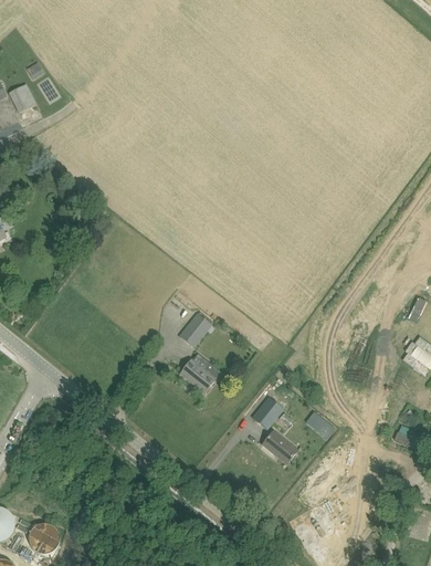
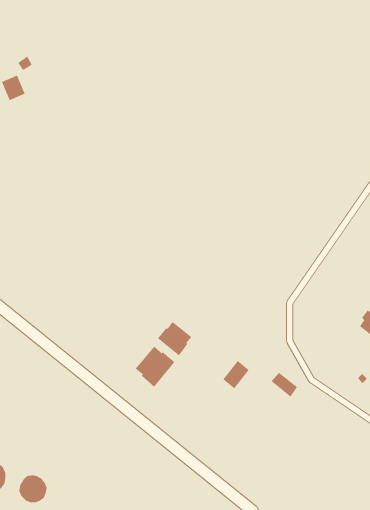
building: [178,314,210,347] -> none
building: none -> [135,346,175,388]
building: [262,431,297,464] -> none

